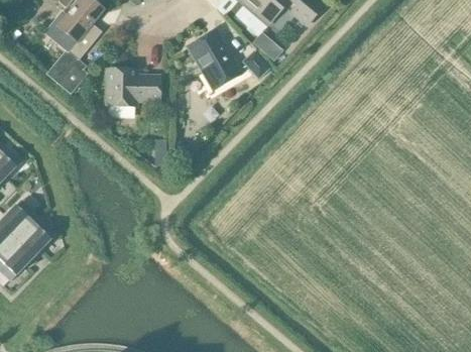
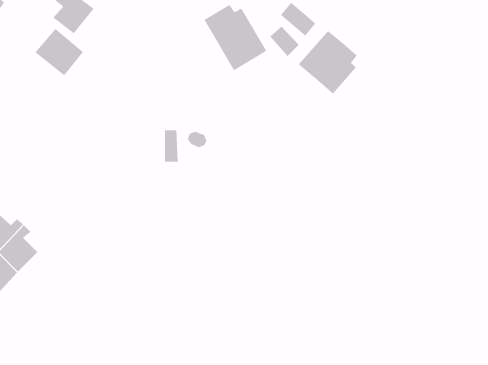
building: none -> [298,30,358,95]
building: [106,69,159,106] -> none

